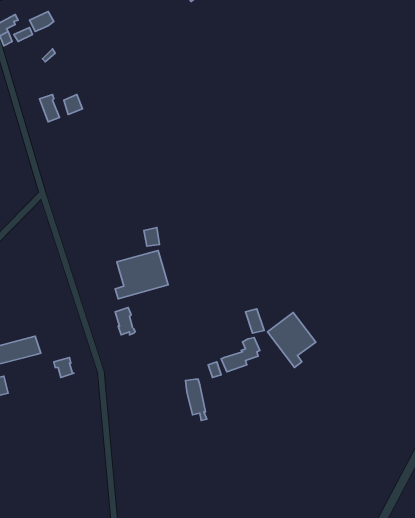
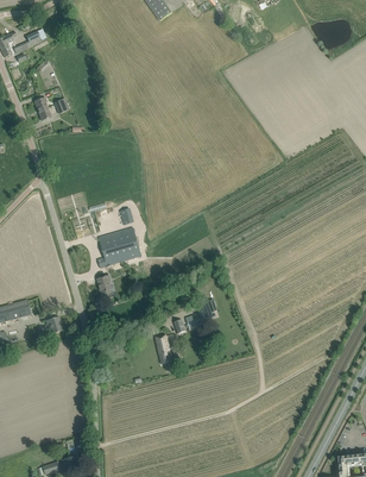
building: [268,313,316,368] -> none

